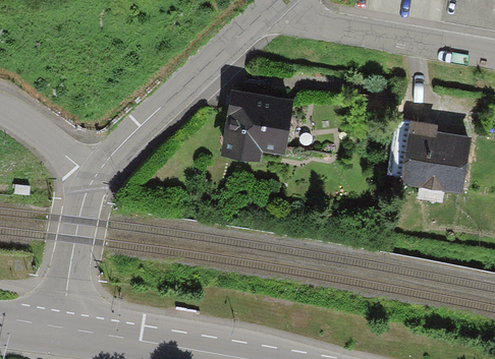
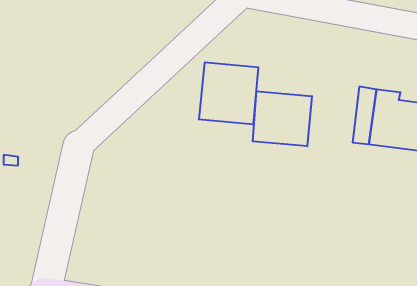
building: none -> [253,91,312,146]

